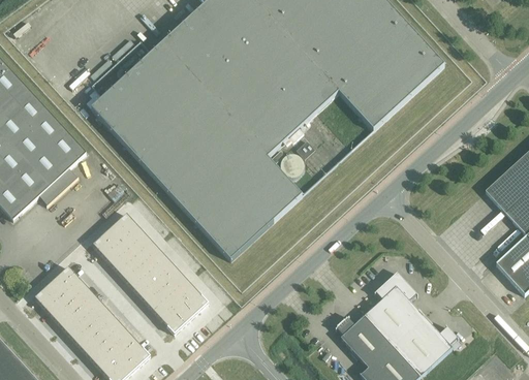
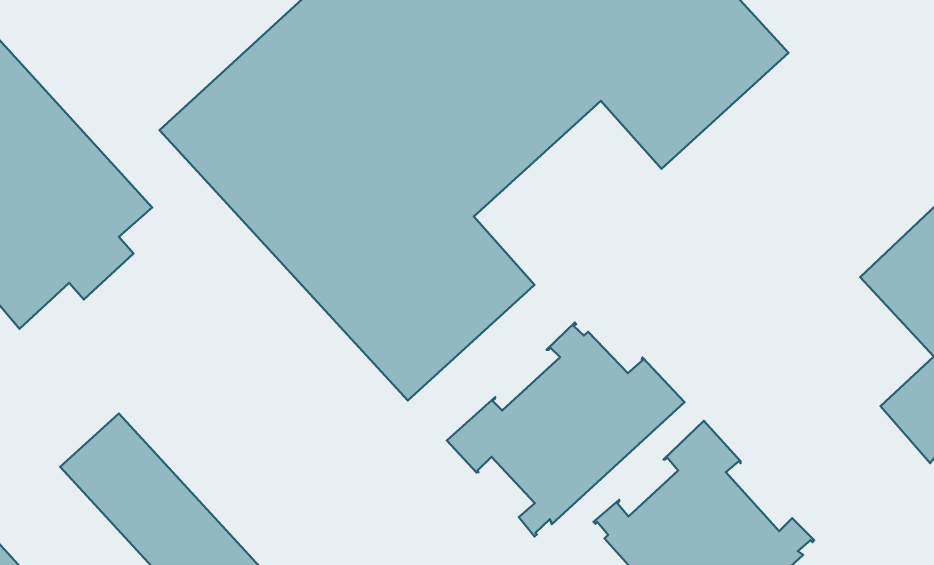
building: [93,212,208,331] -> none
building: none -> [447,323,685,537]

